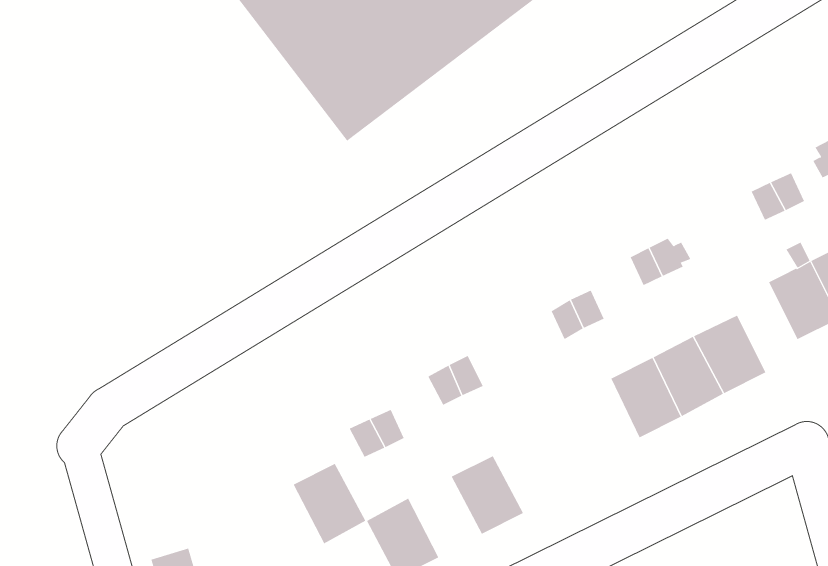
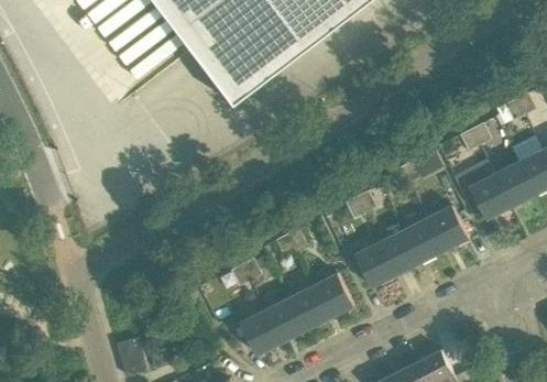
building: none -> [354,240,396,286]
building: none -> [313,271,354,317]
building: [293,463,366,544] -> [264,296,306,342]

